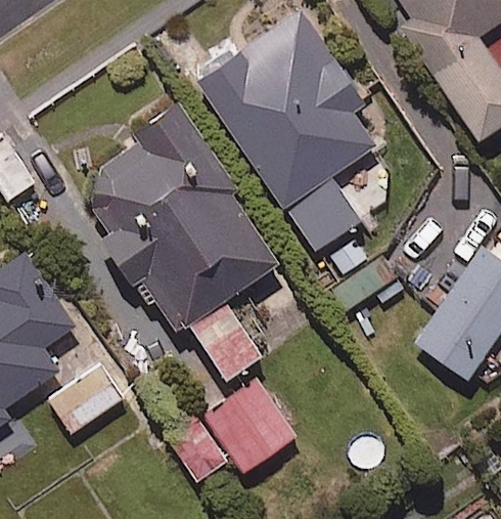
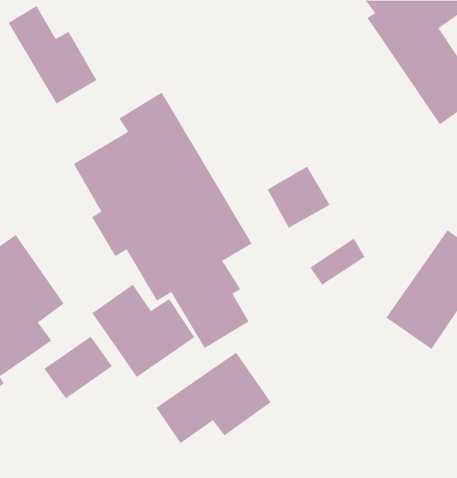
building: none -> [8,5,97,105]
building: [196,10,373,205] -> none
building: none -> [92,284,195,378]

